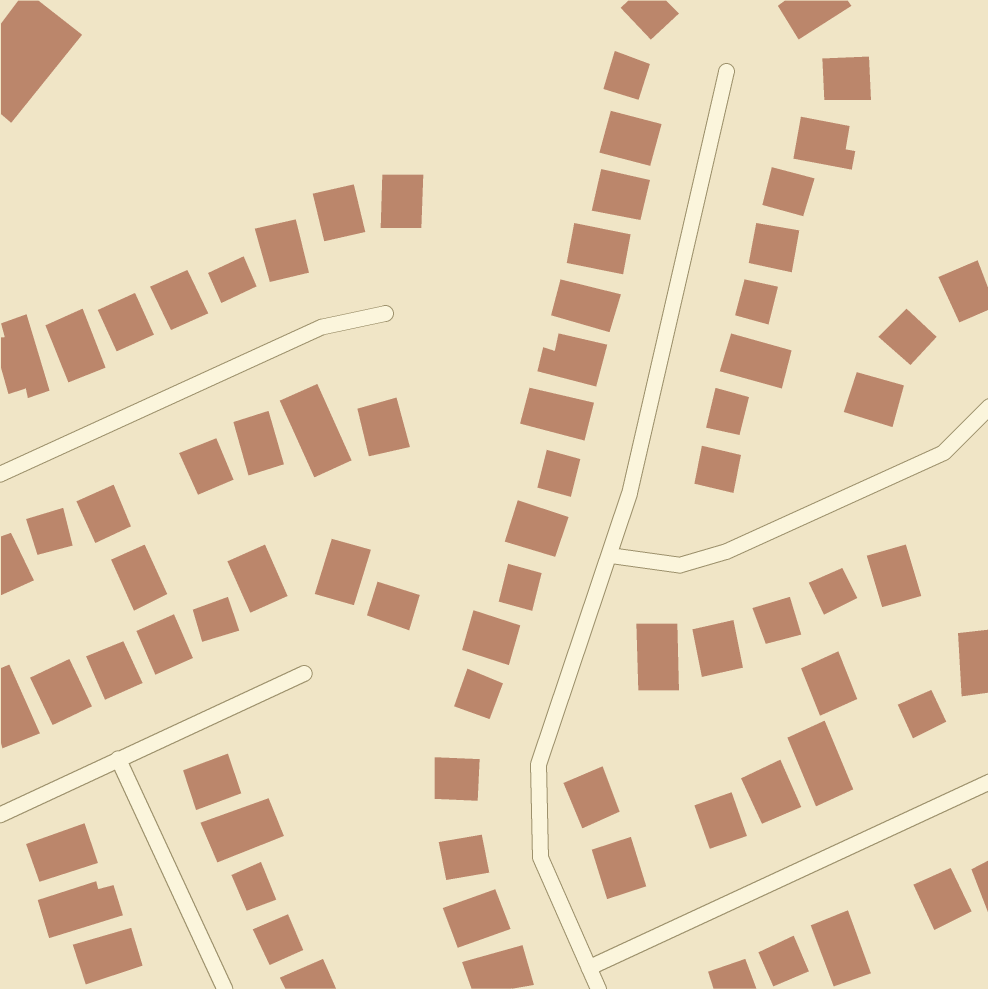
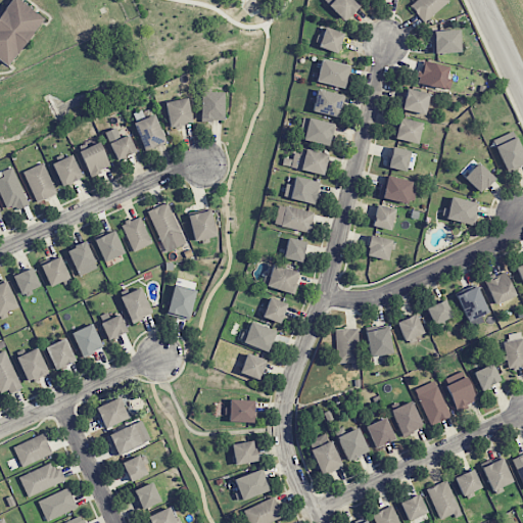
building: none -> [486,273,516,304]
building: [110,544,168,612] -> [67,241,98,277]
building: [366,581,420,631] -> none
building: [800,651,858,716] -> [446,376,477,411]
building: [562,765,620,829] -> [338,427,369,461]
building: none -> [455,469,482,496]

